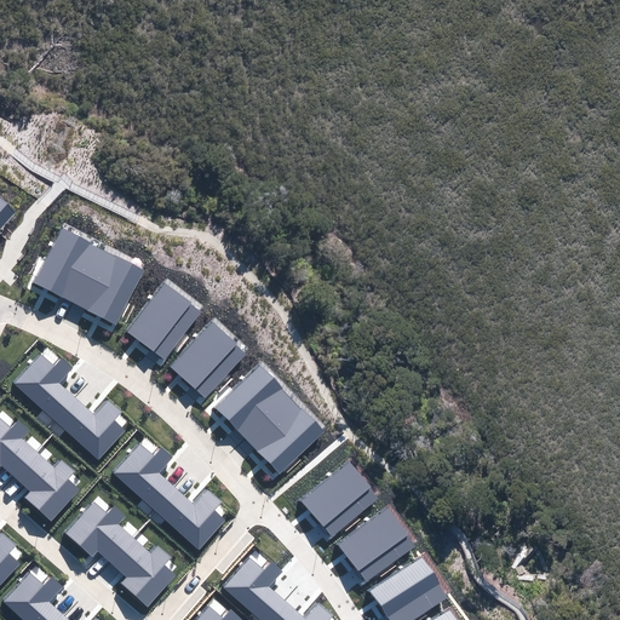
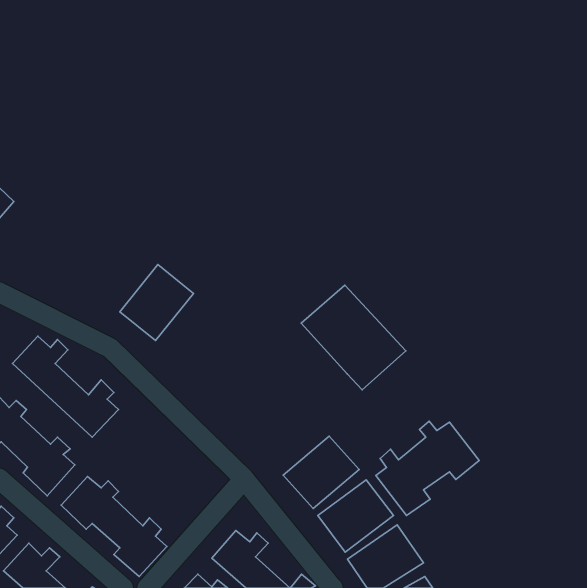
building: [35,224,148,321] -> none
building: [168,325,246,403] -> none
building: [216,361,326,471] -> [301,285,406,390]
building: [113,443,224,550] -> none
building: none -> [376,421,479,515]

